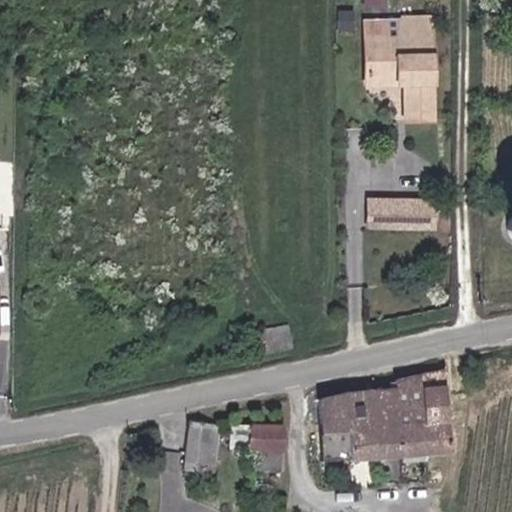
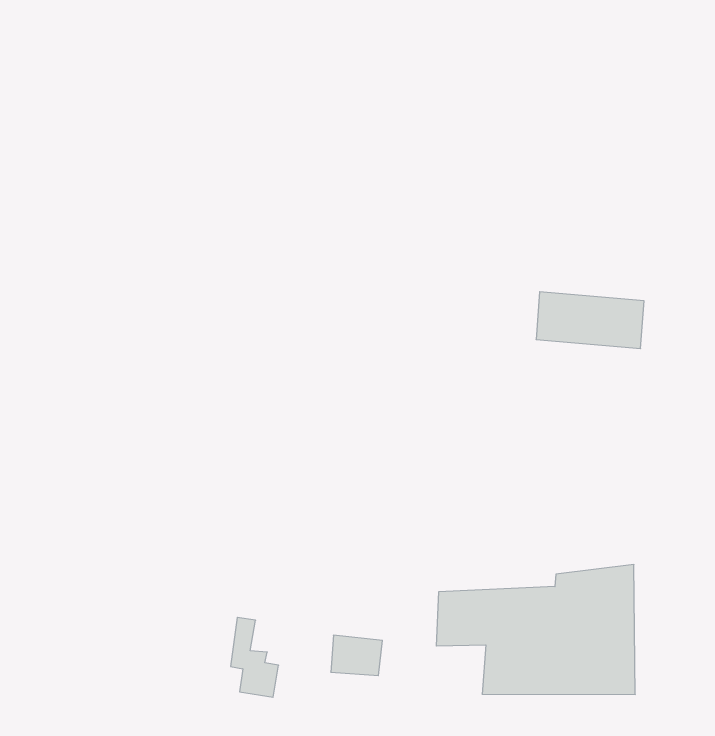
building: [366,17,433,119] -> none

